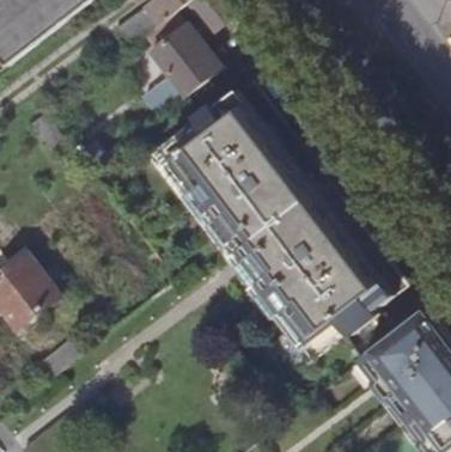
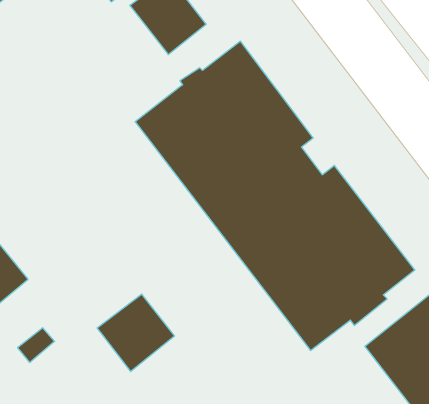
building: none -> [97,294,174,372]

